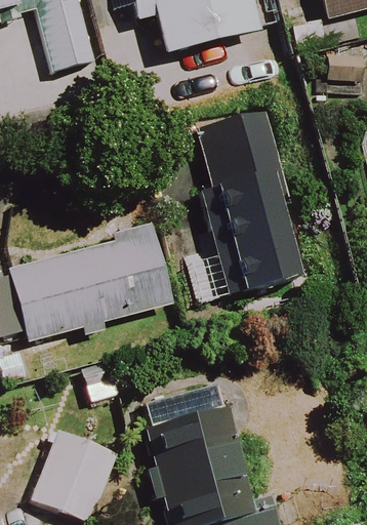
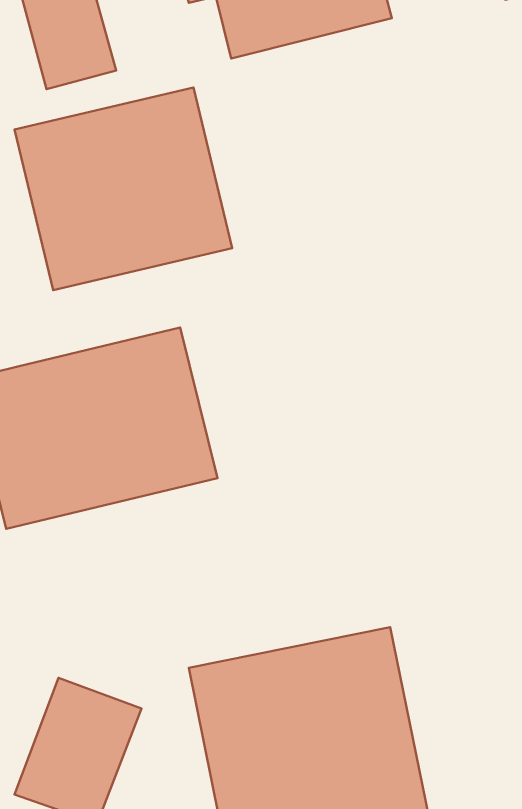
building: none -> [15,88,232,290]
building: [201,113,297,291] -> none

